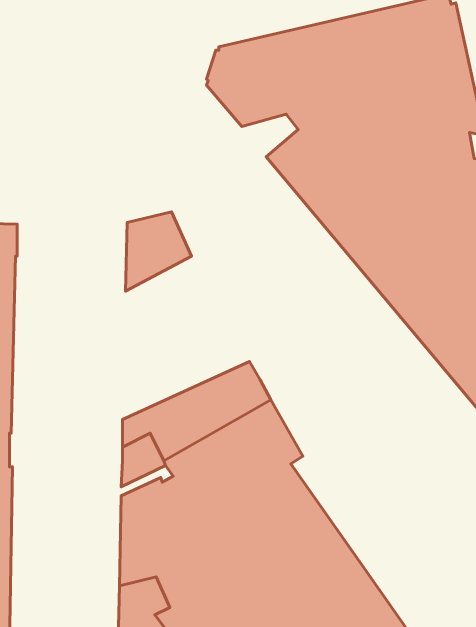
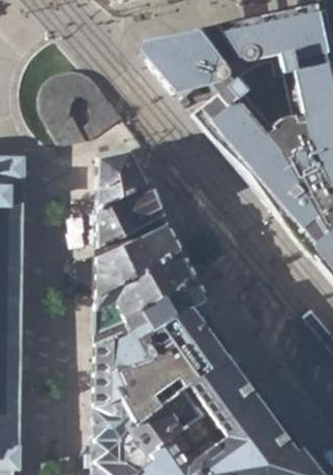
building: none -> [94,177,161,247]
building: none -> [93,223,179,290]

